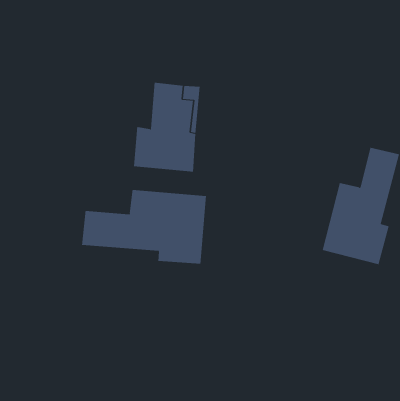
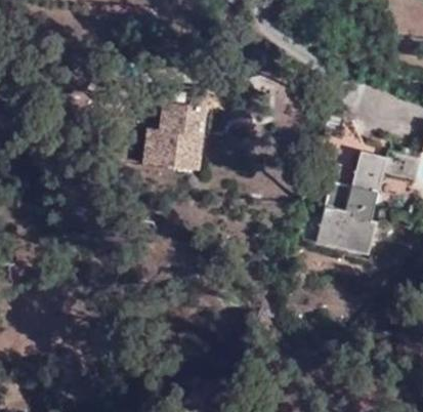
building: [81,189,206,265] -> none

